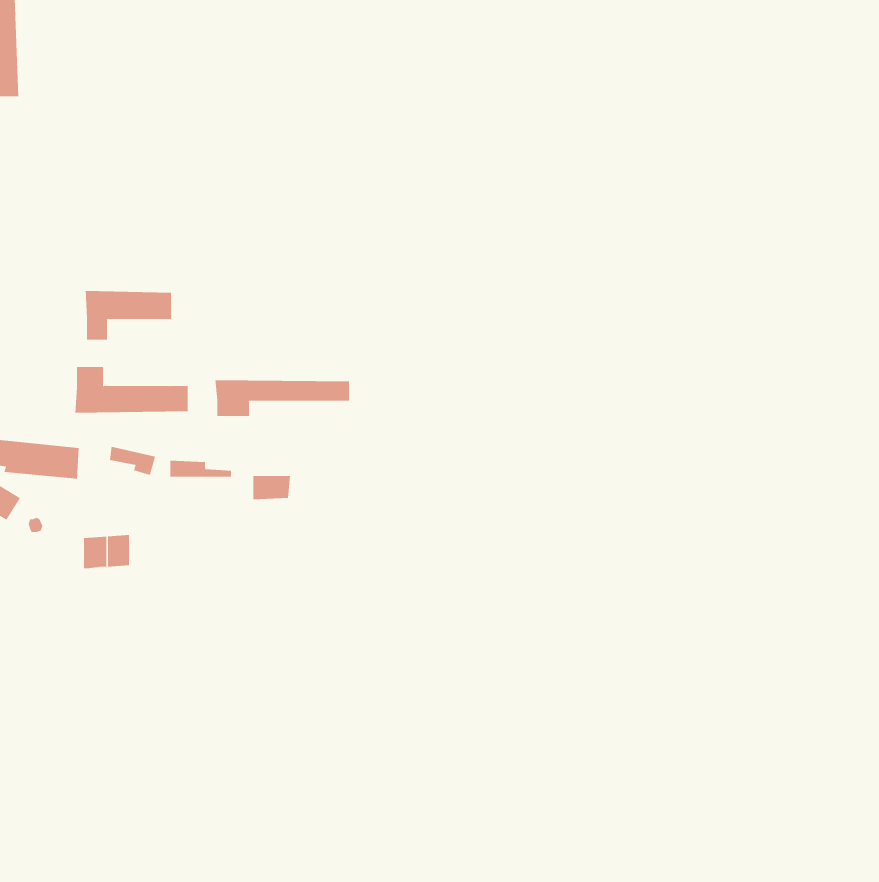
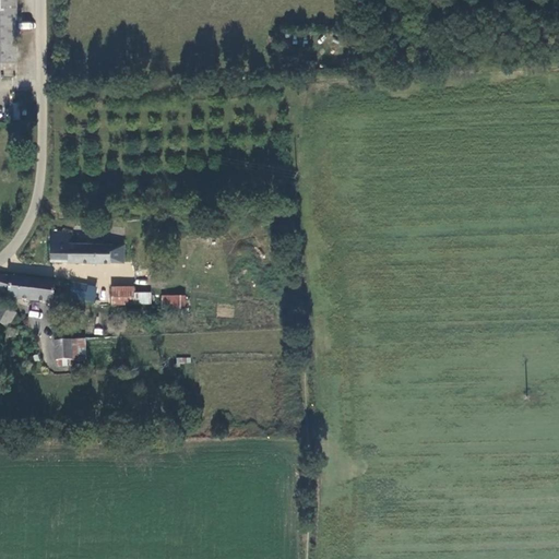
building: [85,290,172,340] -> none
building: [215,380,350,417] -> none

